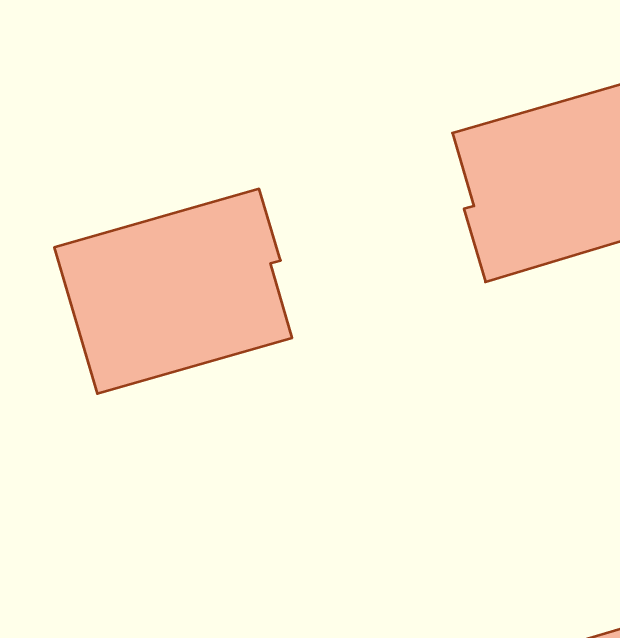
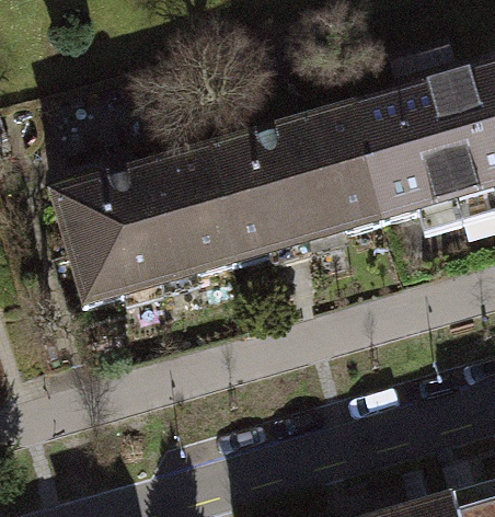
building: none -> [210,105,383,262]

